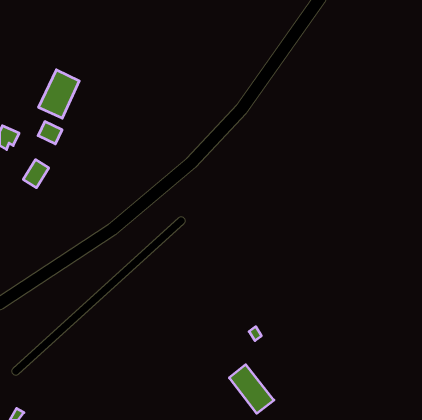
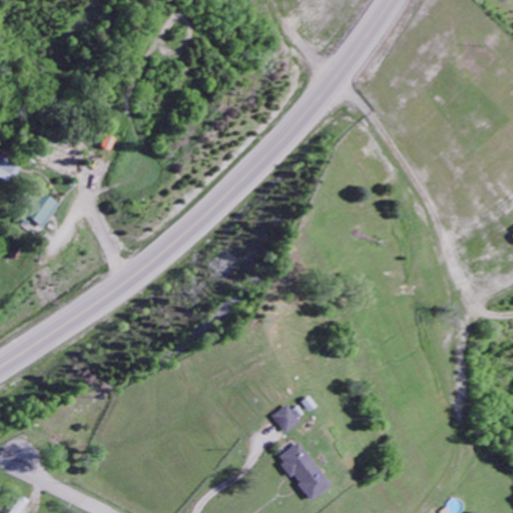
building: [39,70,79,118] -> none
building: none -> [272,405,301,434]

